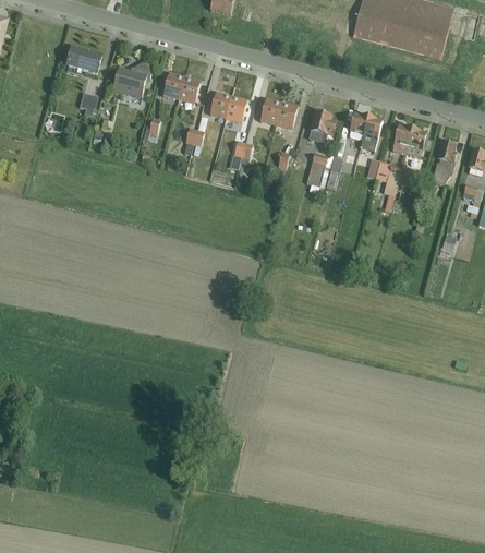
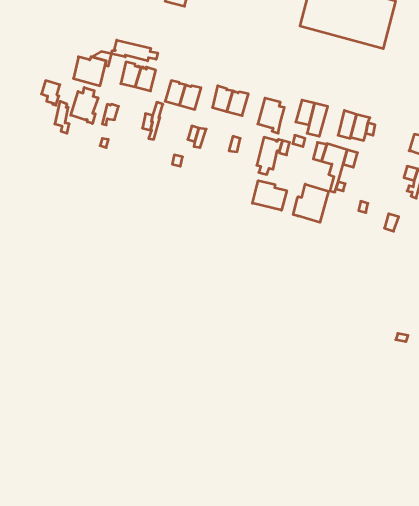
building: [66,48,101,75] -> none
building: none -> [111,40,158,61]
building: none -> [71,87,98,124]
building: [432,139,457,184] -> none
building: none -> [252,181,287,210]
building: none -> [293,184,328,222]

